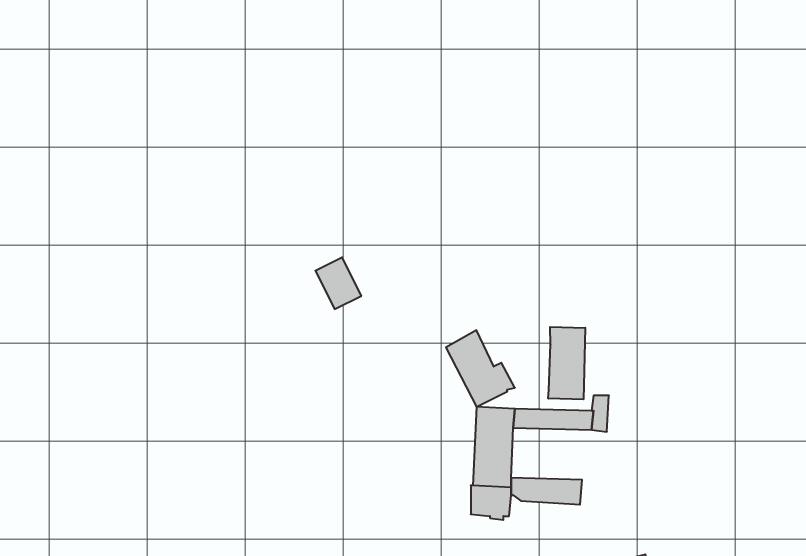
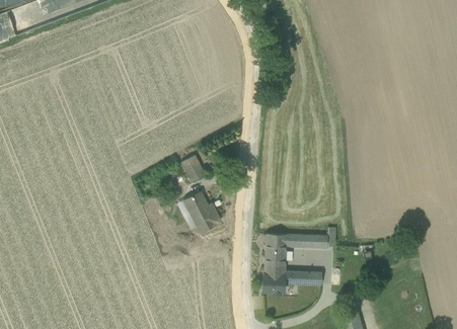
building: [548,327,585,399] -> none
building: [446,330,515,407] -> [183,191,220,232]

